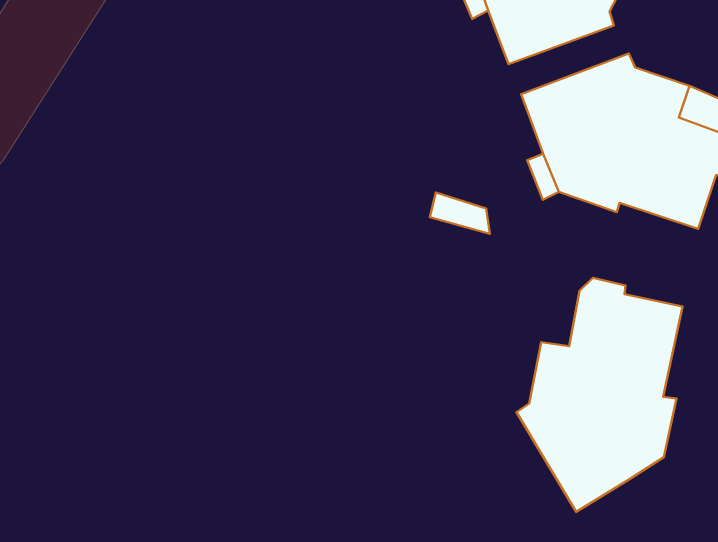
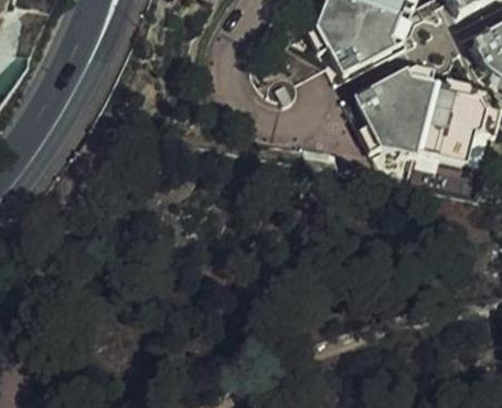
building: [516,278,682,512] -> none

